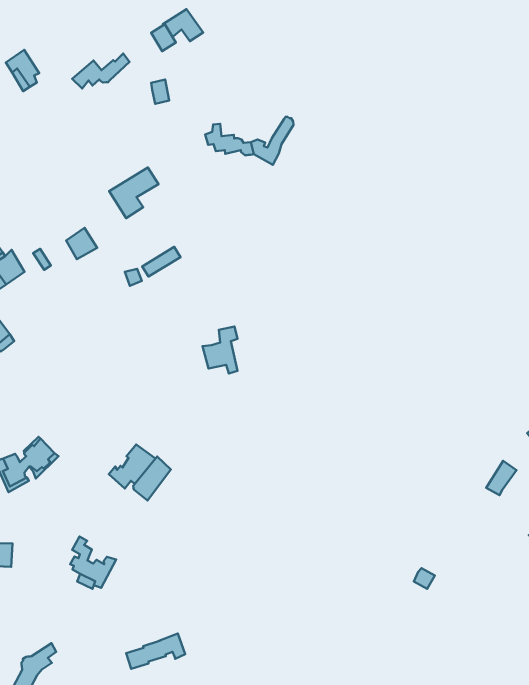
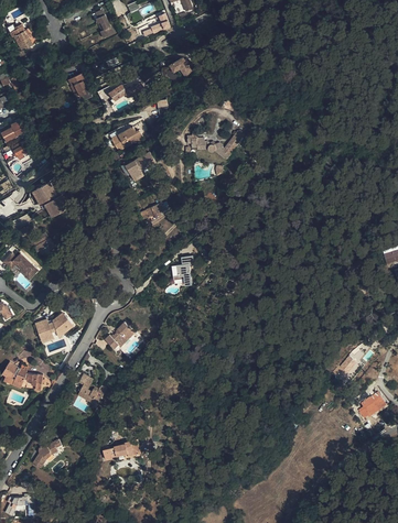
building: none -> [109,126,142,152]

